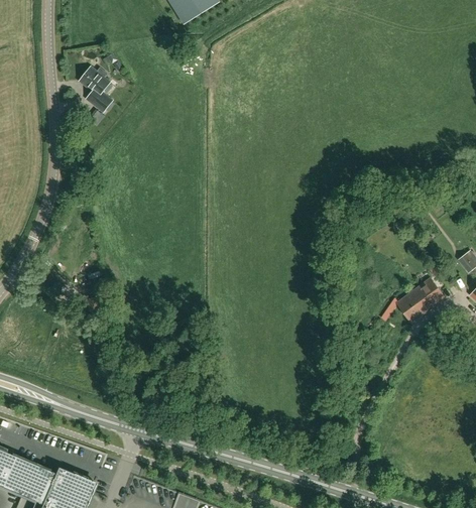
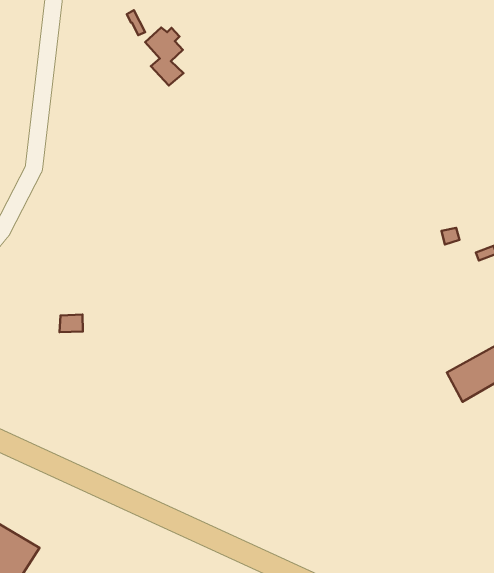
building: [80,67,113,112] -> [145,28,184,86]

